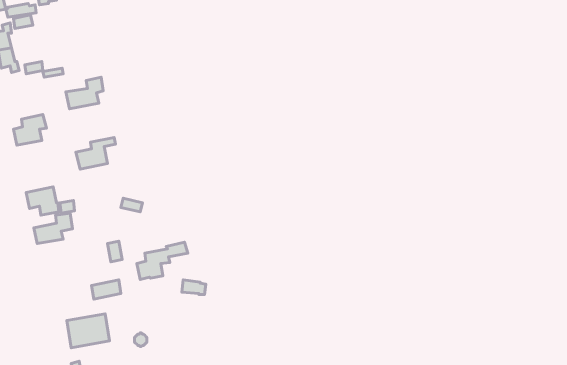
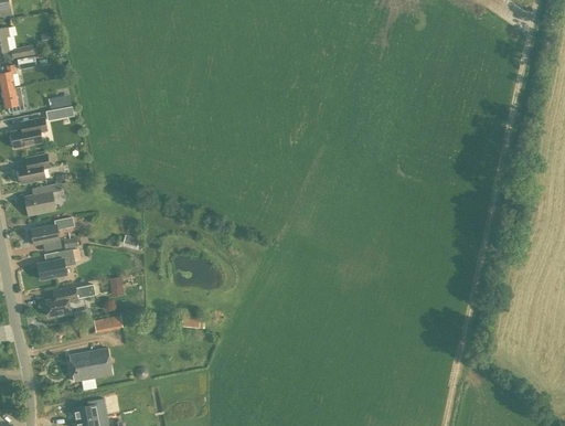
building: [66,77,103,109] -> [10,116,46,147]
building: [76,138,115,169] -> [23,182,62,213]
building: [137,242,188,279] -> [46,285,96,321]

